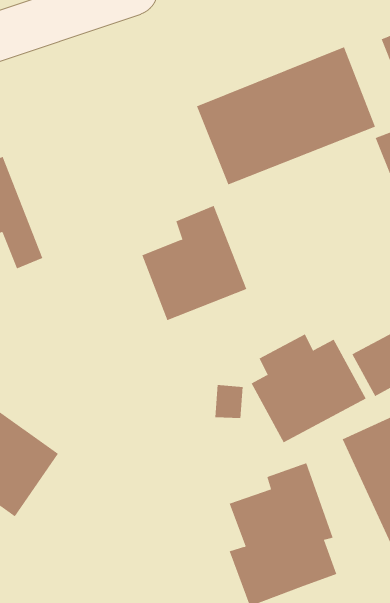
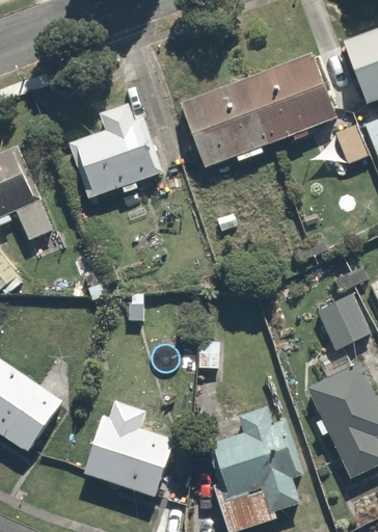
building: [141,205,247,321] -> [74,99,164,197]
building: [251,333,367,443] -> none
building: none -> [81,406,169,497]

